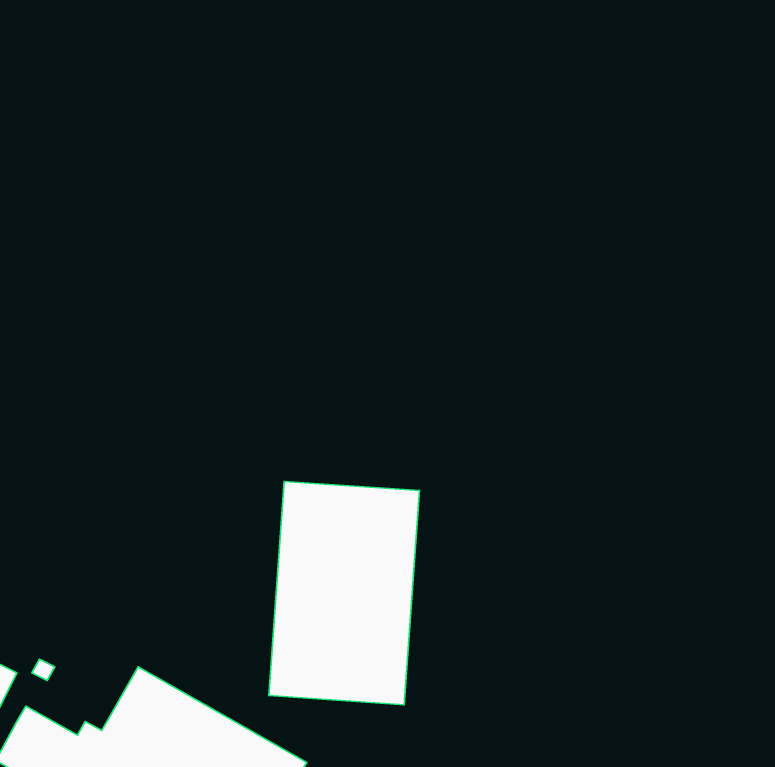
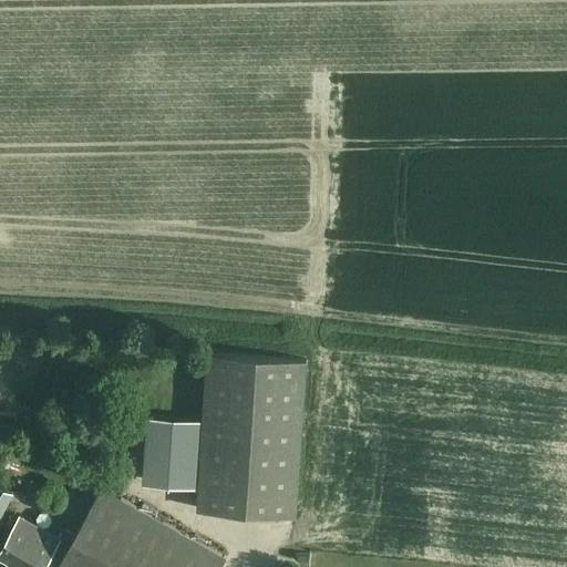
building: none -> [143,421,199,493]

